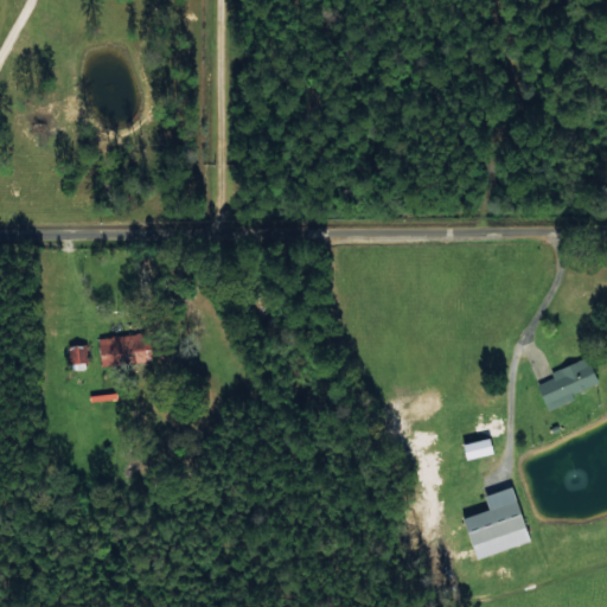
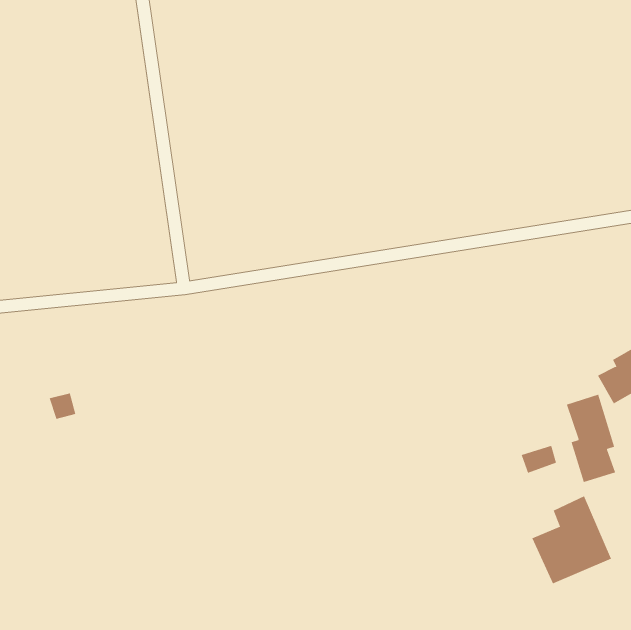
building: [98,333,142,368] -> none
building: none -> [566,394,616,483]

